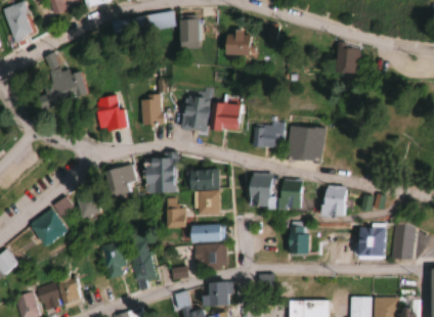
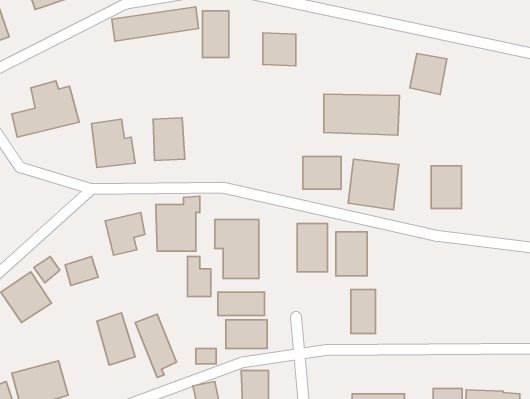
building: [185,100,242,131] -> [324,94,399,135]
building: [322,186,345,218] -> [431,166,461,209]
building: [357,225,384,259] -> none
building: [392,225,416,260] -> none

